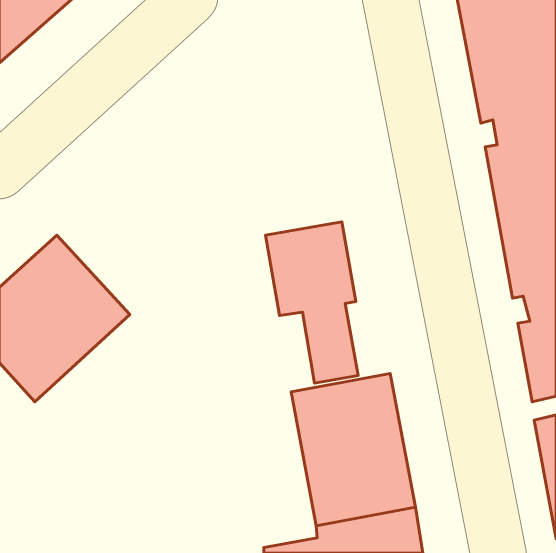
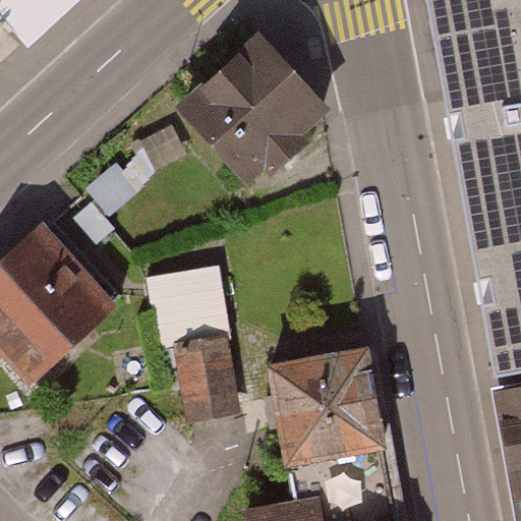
building: none -> [185,40,323,176]
building: [265,222,358,383] -> [147,265,233,415]

